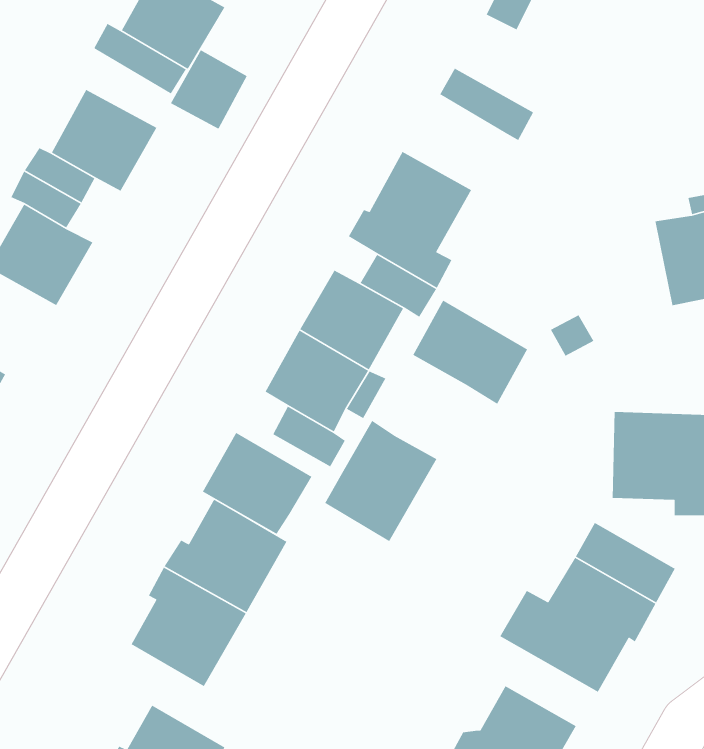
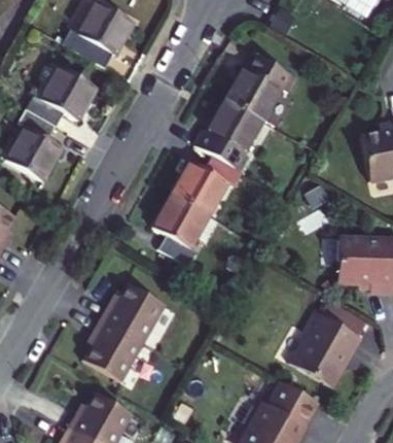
building: [170,49,248,129] -> none
building: none -> [226,67,281,118]
building: [412,299,528,405] -> none
building: [324,420,437,542] -> none
building: [202,432,312,535] -> none

